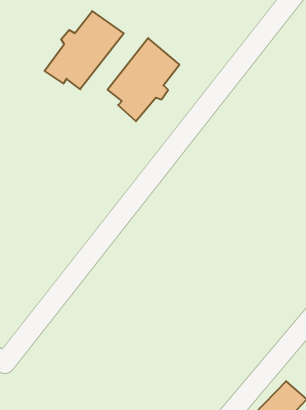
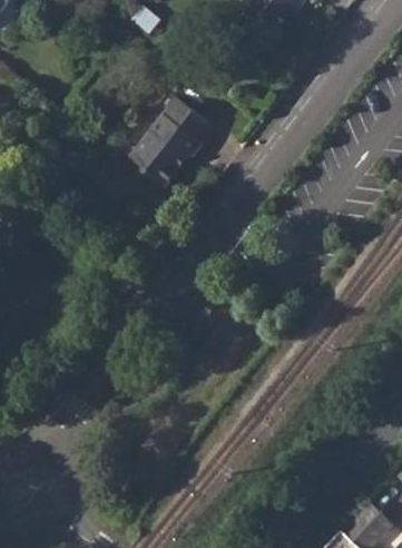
building: [45,11,124,89] -> none

